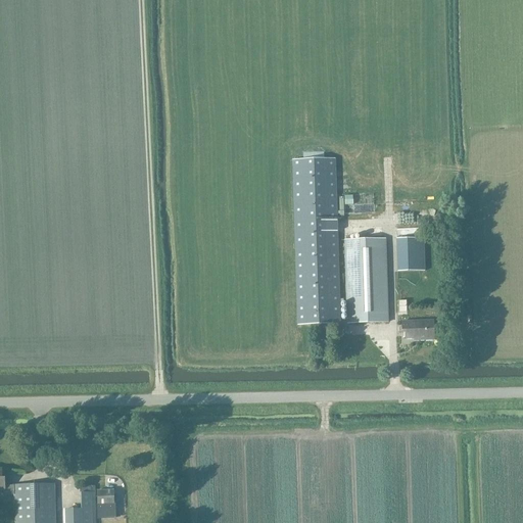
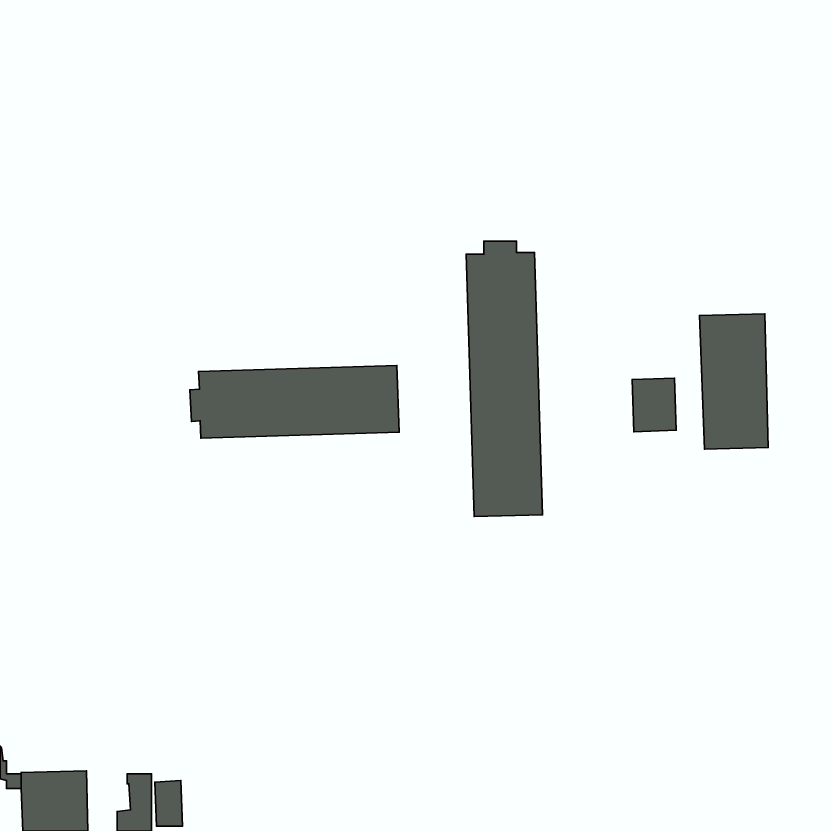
building: none -> [190,365,399,438]
building: [345,238,388,323] -> [700,314,768,449]
building: [399,320,434,339] -> none

